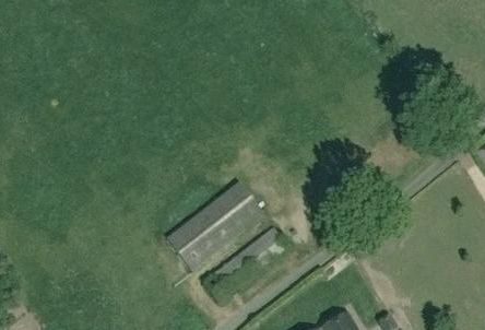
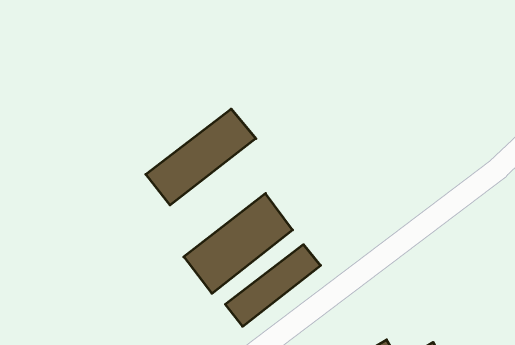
building: none -> [146,109,256,205]

